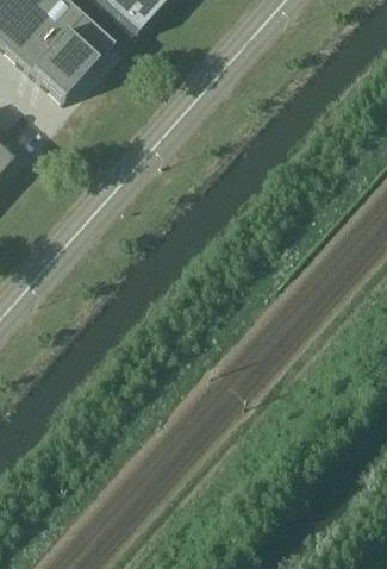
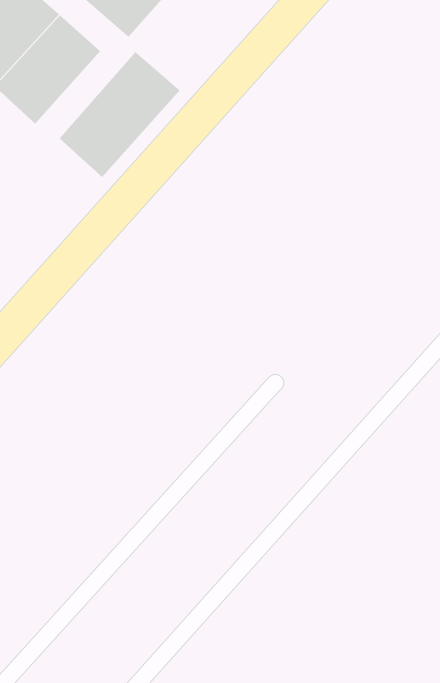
building: none -> [59,51,181,178]

